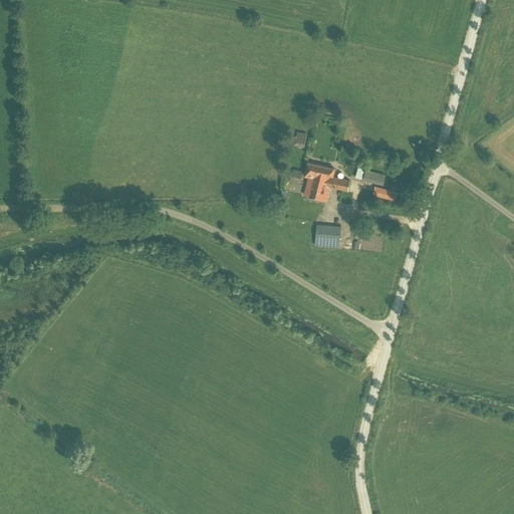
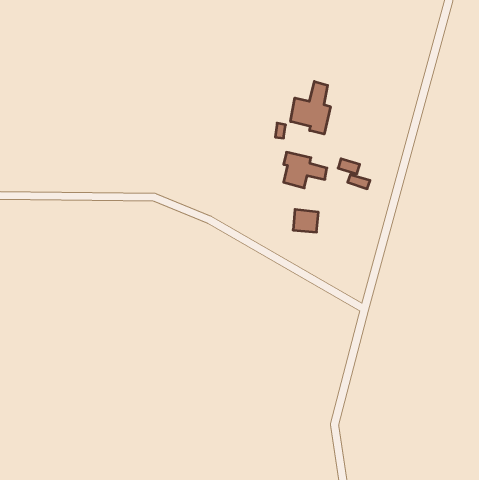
building: none -> [291,81,330,134]

